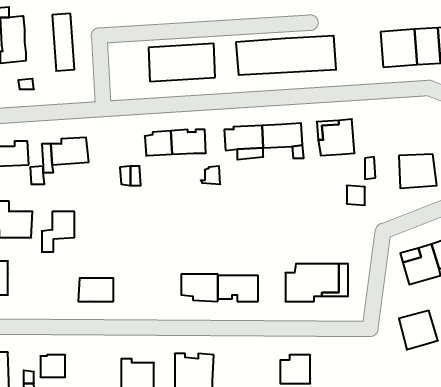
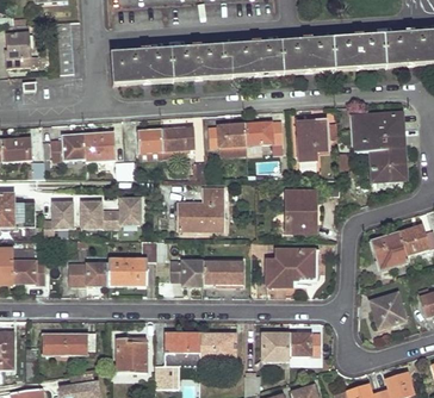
building: none -> [310,38,355,73]
building: none -> [200,48,223,80]
building: none -> [111,52,142,85]
building: none -> [353,110,402,151]
building: none -> [83,133,114,161]
building: none -> [179,188,223,230]
building: none -> [286,191,316,232]
building: none -> [81,198,140,228]
building: none -> [109,241,155,285]
building: none -> [12,260,43,281]
building: none -> [64,334,95,354]
building: none -> [199,334,236,357]
building: none -> [289,334,318,355]

